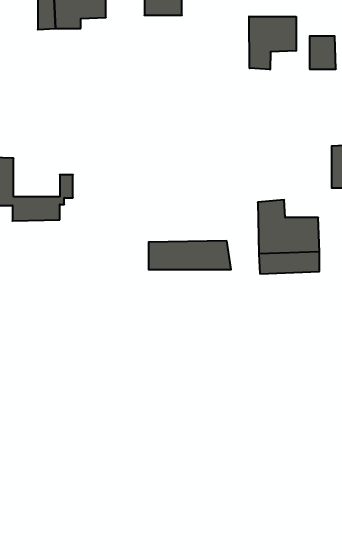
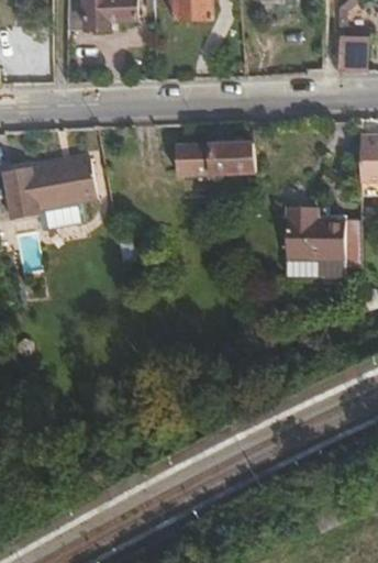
building: [249,16,296,70] -> none
building: none -> [42,159,99,198]
building: [149,241,231,270] -> [175,143,257,172]

